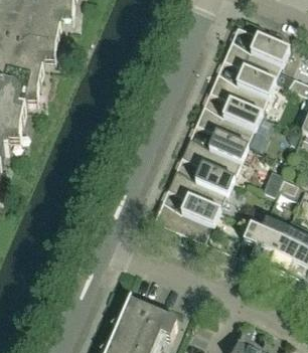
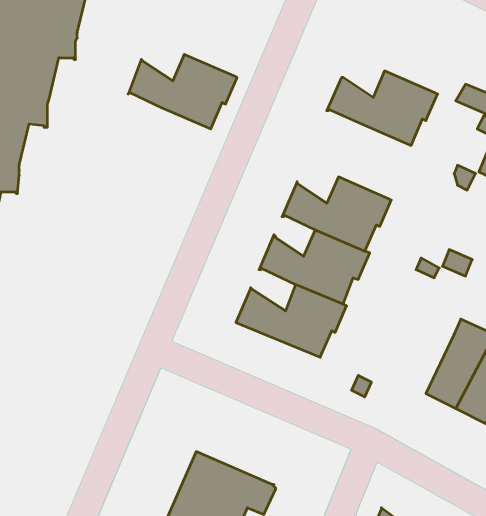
building: [222,34,290,81] -> none
building: [195,101,262,146] -> [128,54,237,129]
building: [244,219,286,264] -> none

